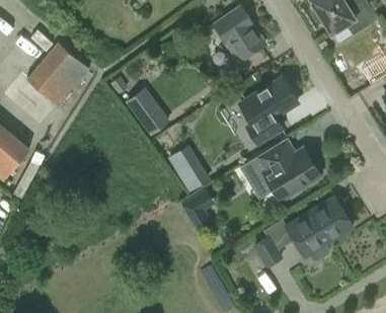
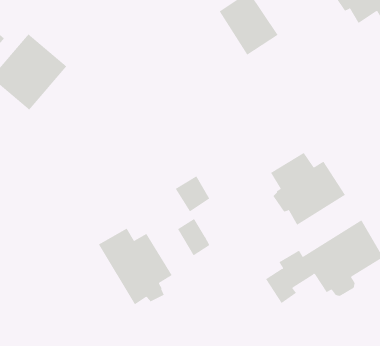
building: [241,78,294,144] -> none
building: [125,86,168,135] -> none
building: none -> [98,228,172,305]

